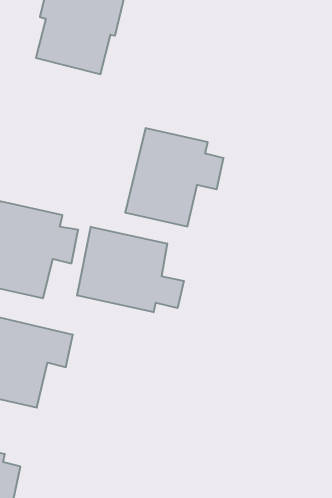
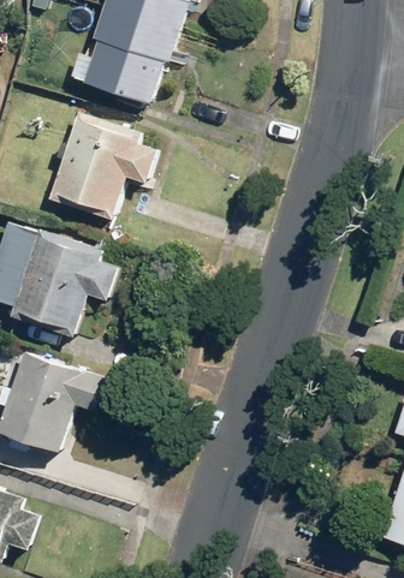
building: [125,128,224,226] -> [49,113,158,220]
building: [77,227,184,312] -> none

